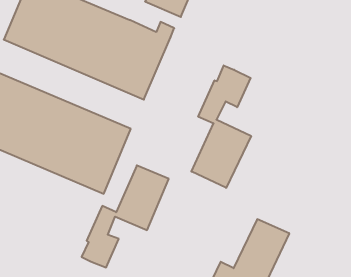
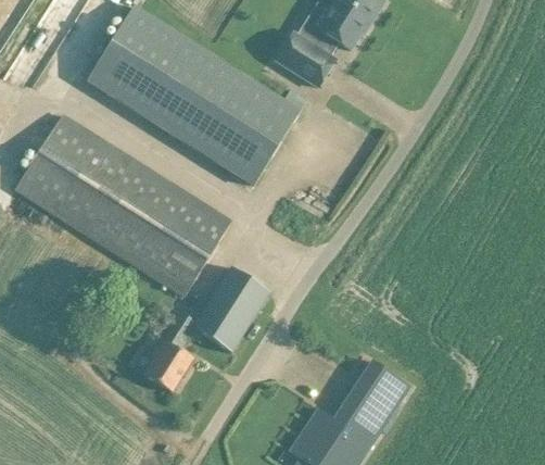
building: [191,65,251,188] -> none

